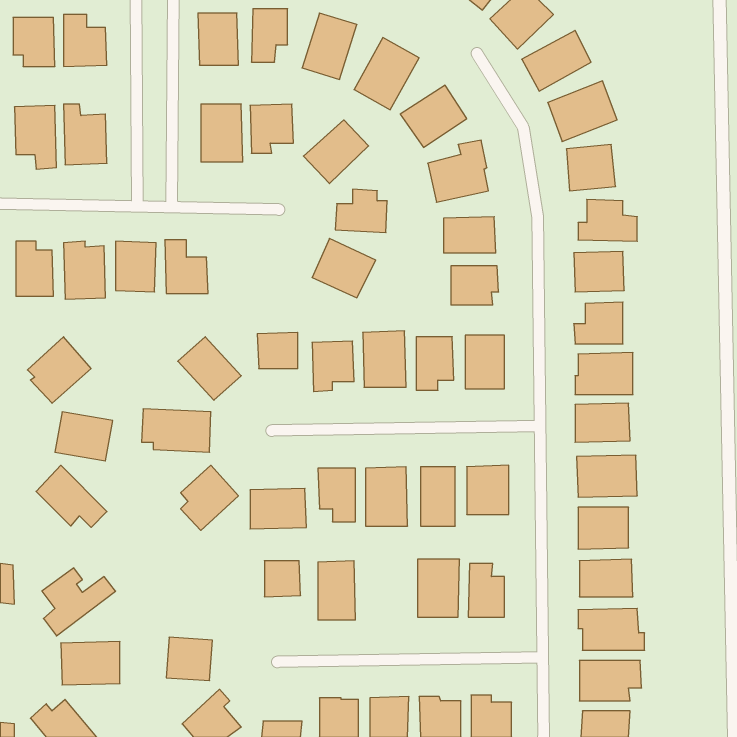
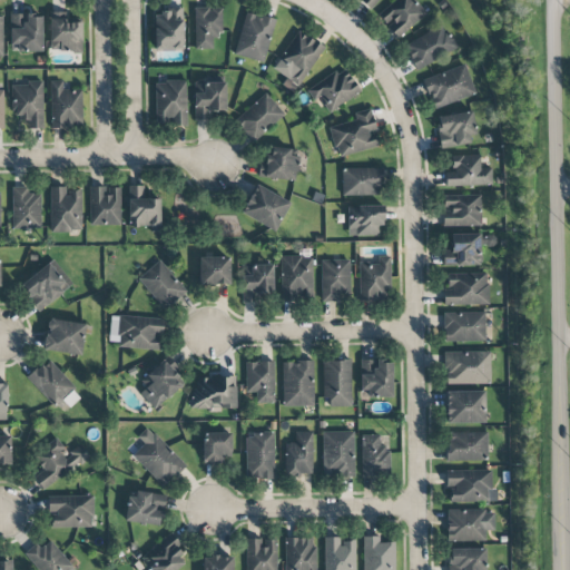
building: none -> [132,426,187,487]
building: none -> [286,431,313,475]

